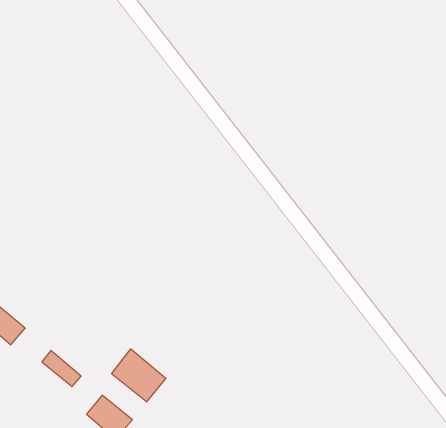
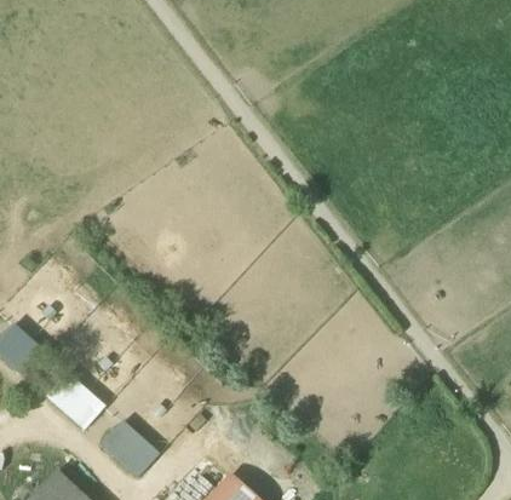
building: [112,349,166,402] -> none

